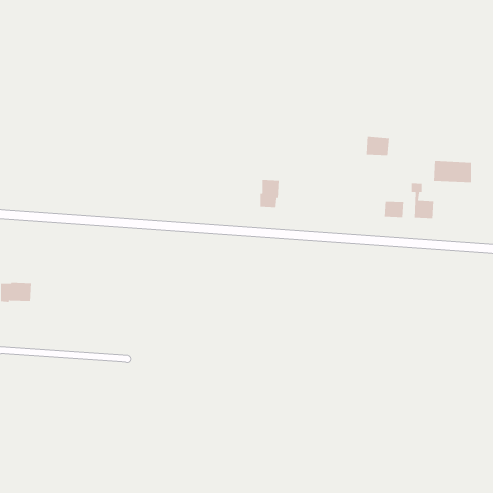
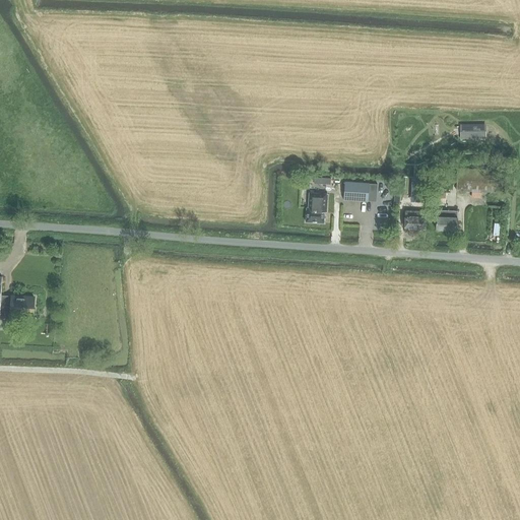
building: none -> [460,124,485,142]
building: [366,136,390,156] -> [342,179,368,200]
building: [260,179,280,208] -> [306,193,327,223]

